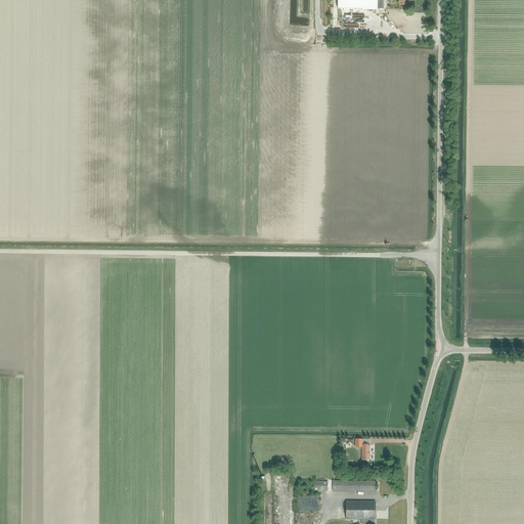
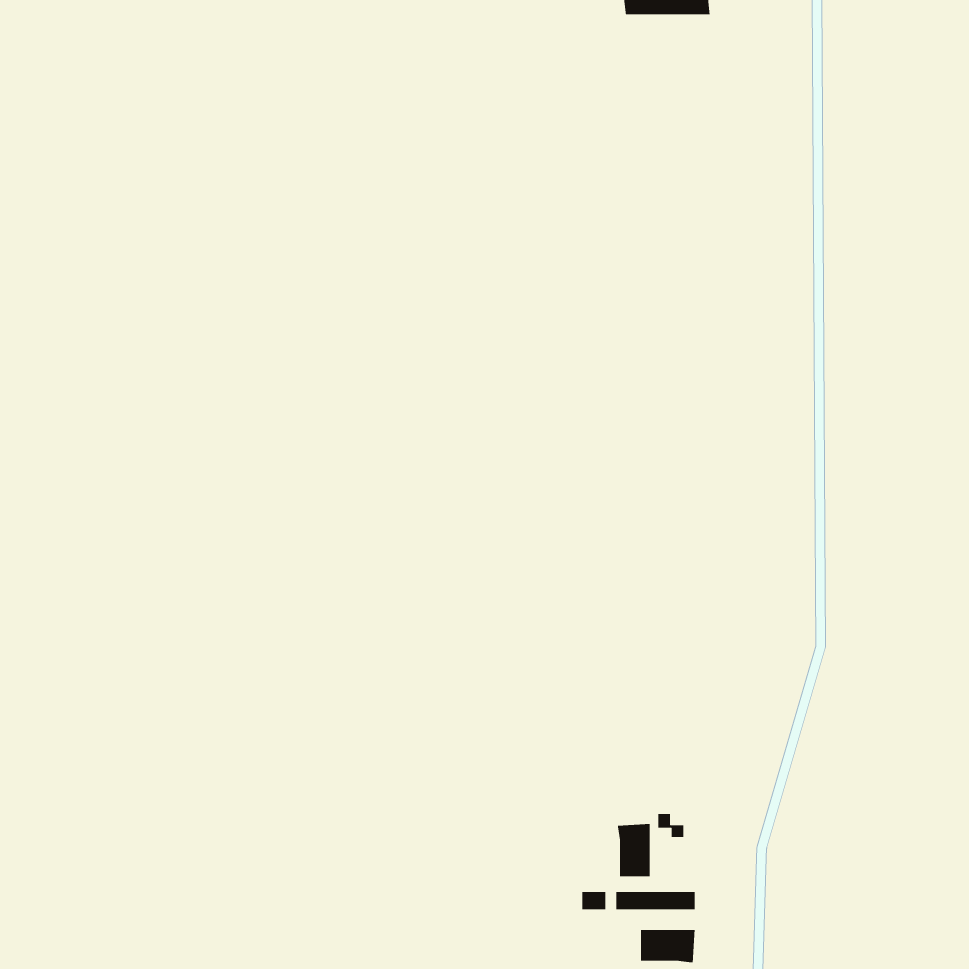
building: none -> [617,823,651,877]

